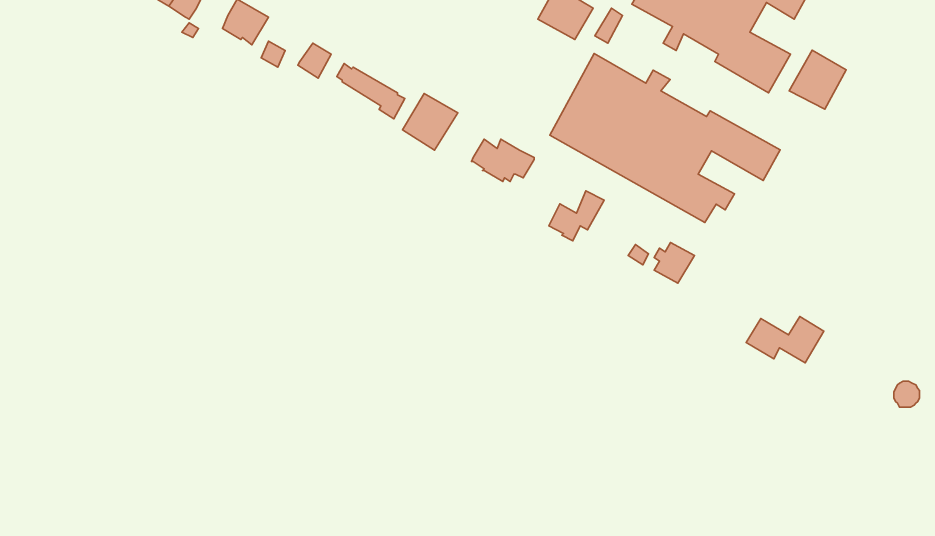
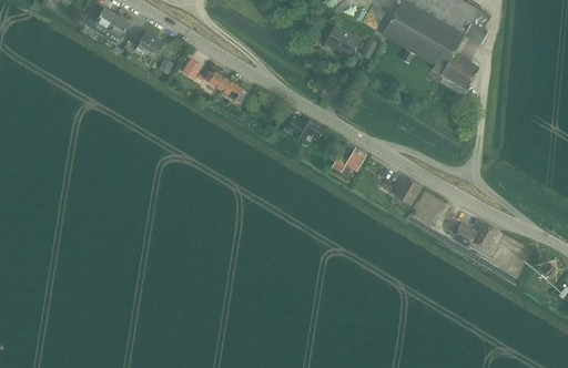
building: [789,50,846,109] -> none
building: [550,53,780,223] -> none
building: [402,94,458,150] -> none

